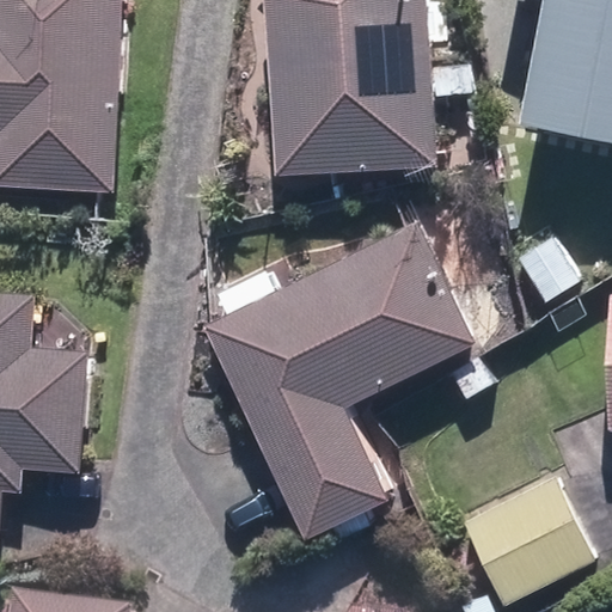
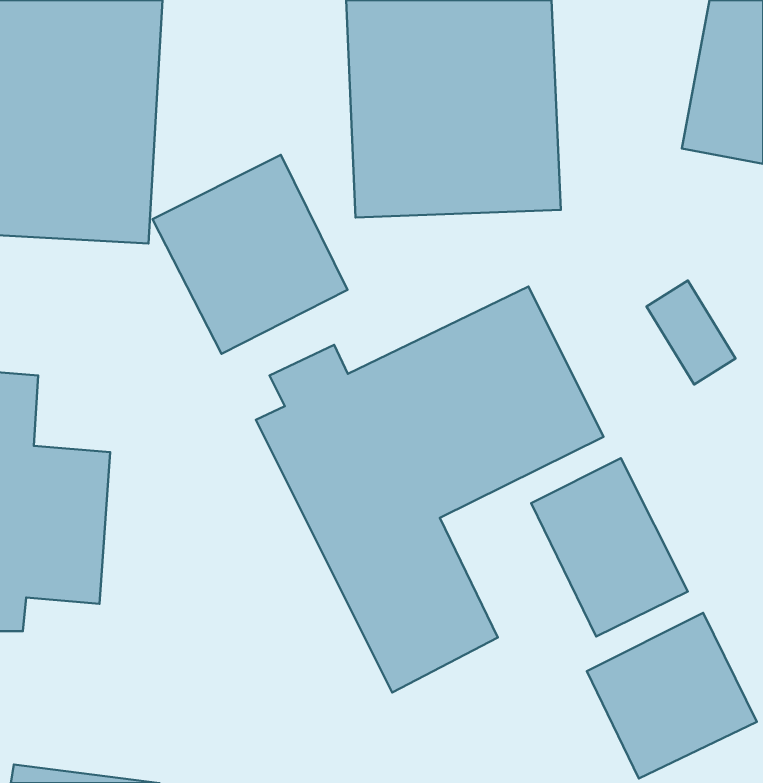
building: none -> [152,155,348,354]
building: none -> [531,458,688,637]

